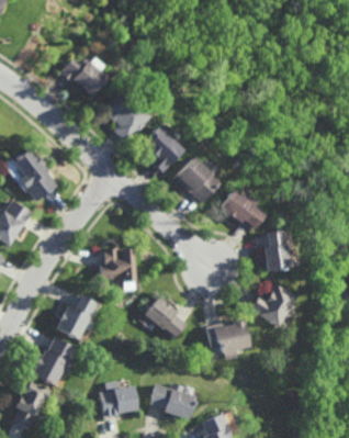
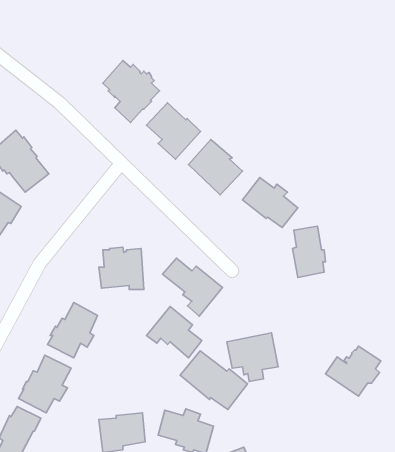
building: [57,56,104,96] -> none
building: none -> [162,258,222,316]
building: [248,285,294,327] -> [325,346,381,396]
building: none -> [180,351,247,410]

